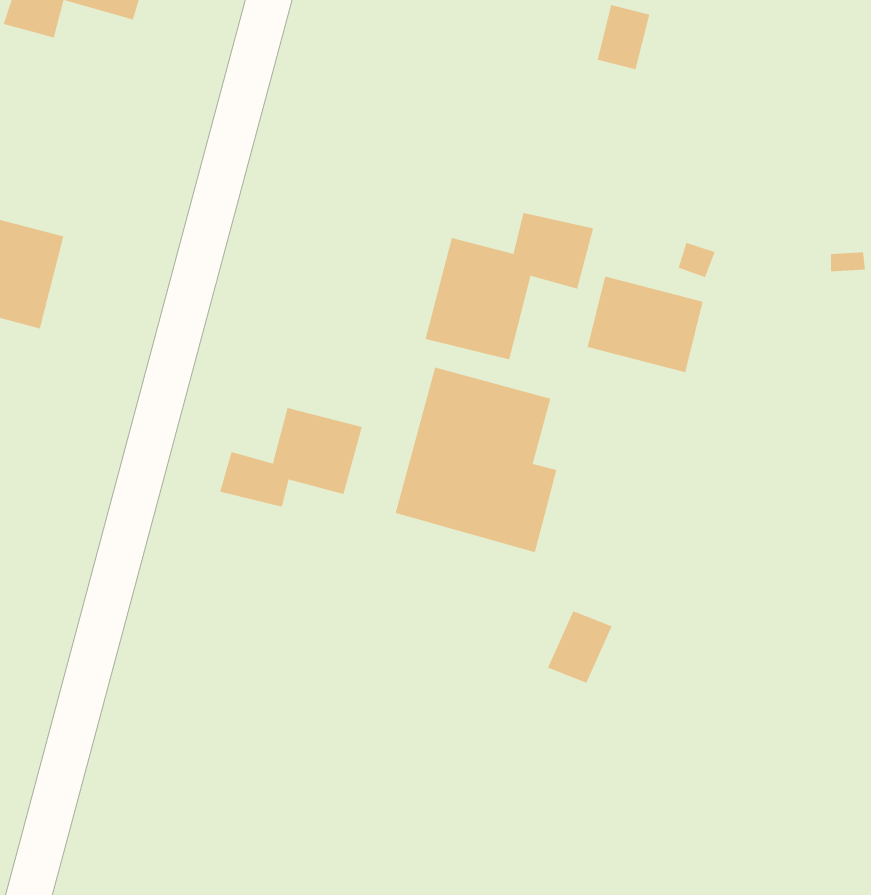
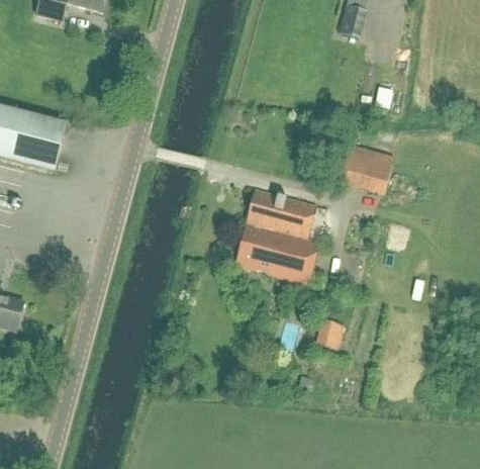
building: [425,212,594,360] -> none
building: [219,407,362,507] -> none

